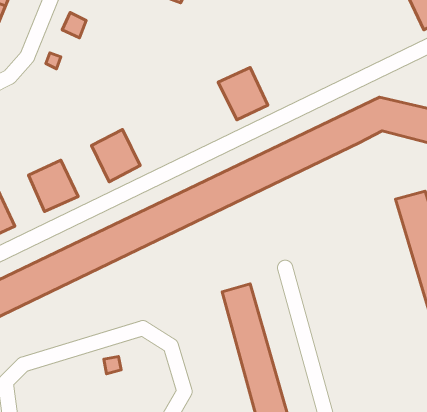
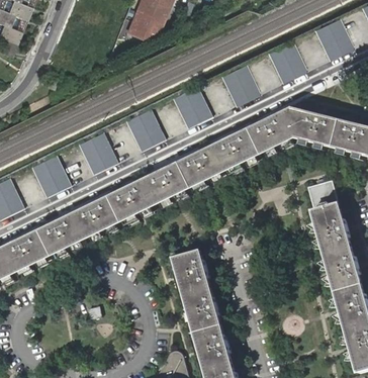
building: none -> [269,42,306,82]
building: none -> [221,65,259,105]
building: none -> [128,111,166,150]

